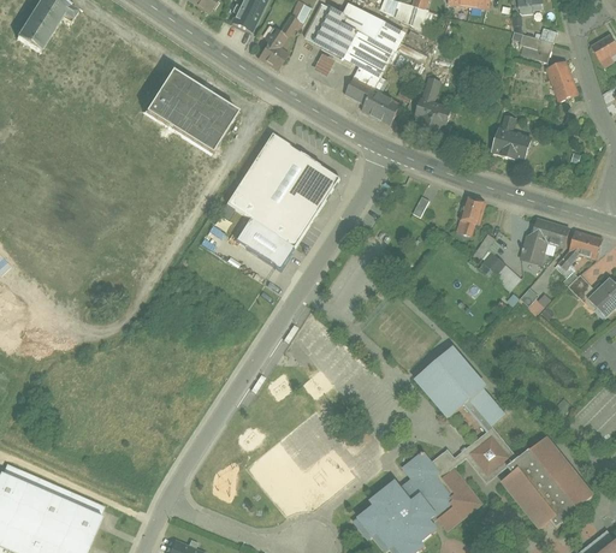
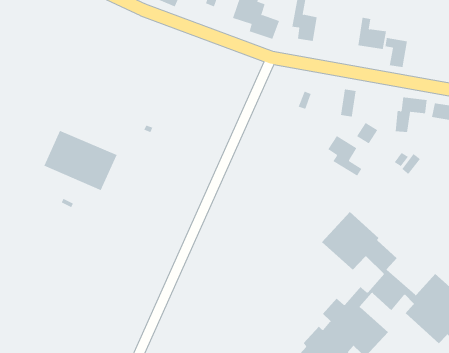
building: [144,71,237,153] -> [43,130,118,191]
building: [227,133,339,268] -> none
building: none -> [385,37,408,68]
building: none -> [328,135,362,177]

